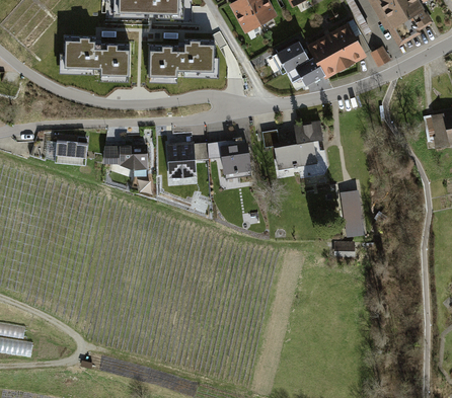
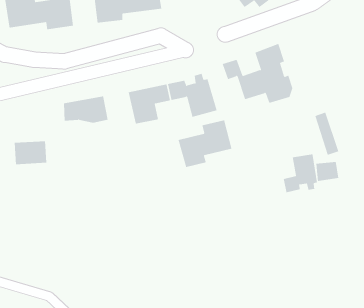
building: [55,141,87,165] -> [14,141,47,165]
building: none -> [178,119,232,168]
building: none -> [283,153,317,193]

